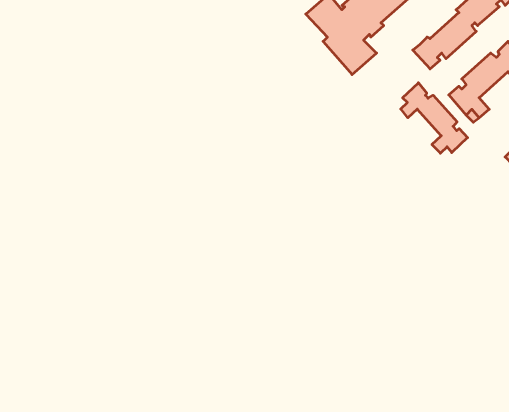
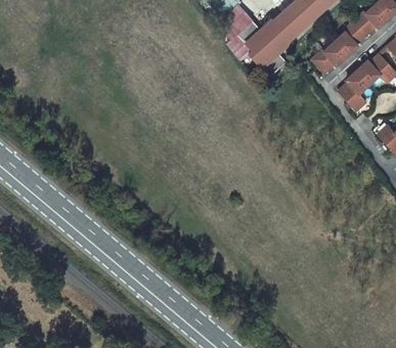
building: [401,83,468,153] -> none

